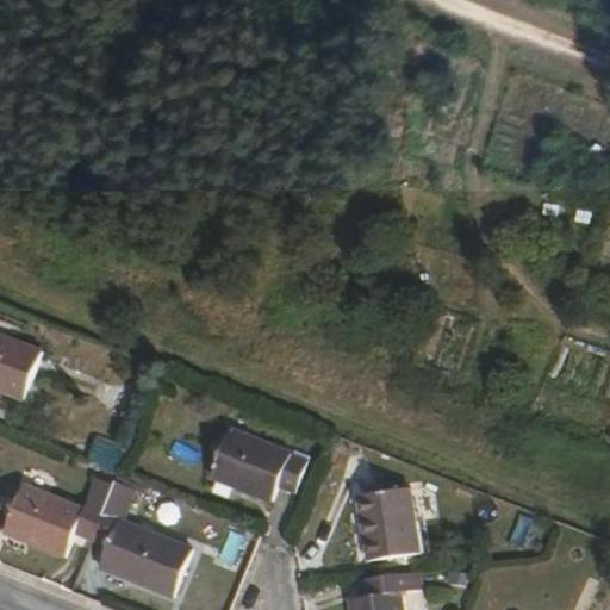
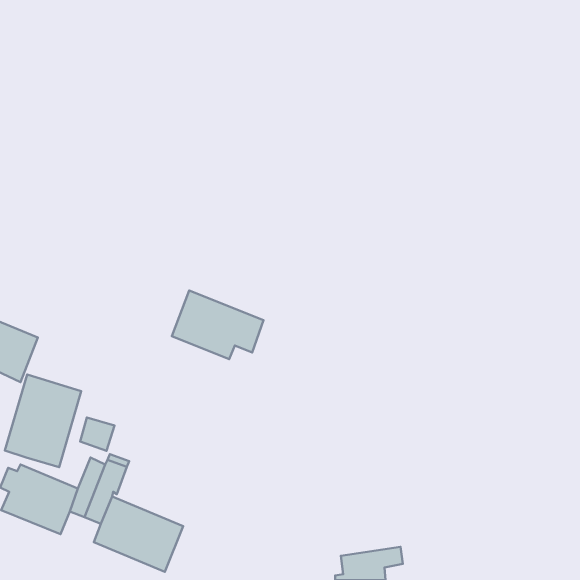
building: none -> [5,374,81,467]
building: [210,428,305,499] -> [172,291,263,359]
building: [355,487,417,560] -> none

